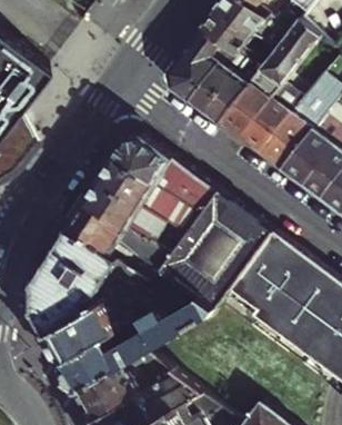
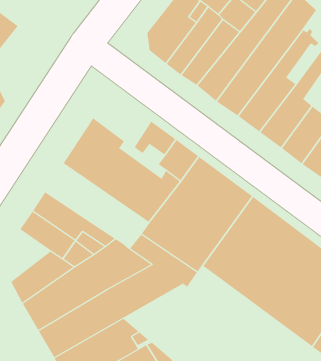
building: [118,136,174,184] -> none
building: [71,199,172,283] -> none
building: [34,264,77,315] -> none

